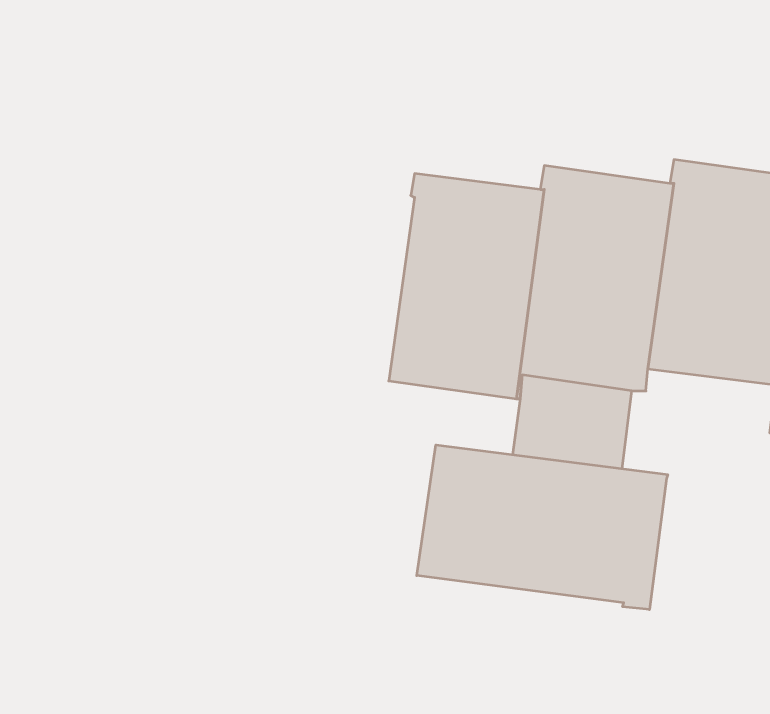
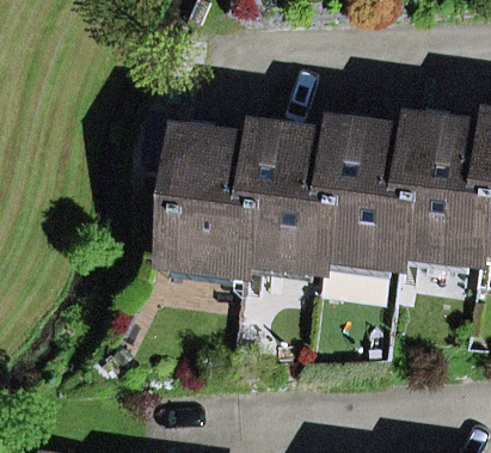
building: none -> [164,127,259,262]
building: [417,445,668,610] -> none

